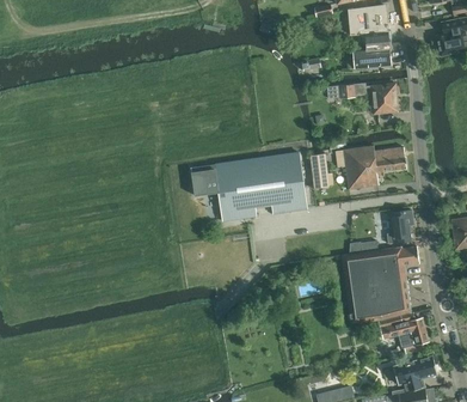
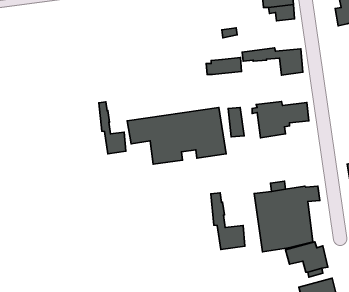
building: [348,48,389,68] -> [206,57,241,75]
building: none -> [99,102,126,154]
building: [386,209,413,244] -> none
building: none -> [211,193,245,250]

